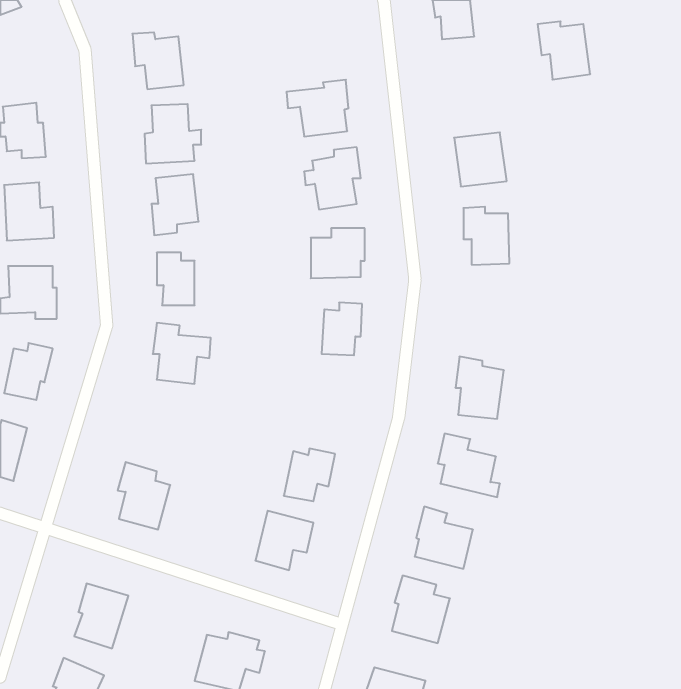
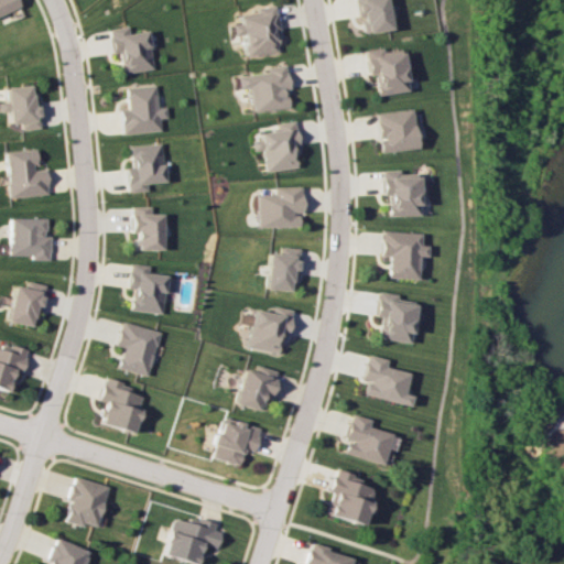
building: none -> [237,6,283,57]
building: [538,21,590,80] -> [368,48,411,96]
building: none -> [386,232,432,279]
building: none -> [251,306,296,354]
building: none -> [120,323,163,377]

